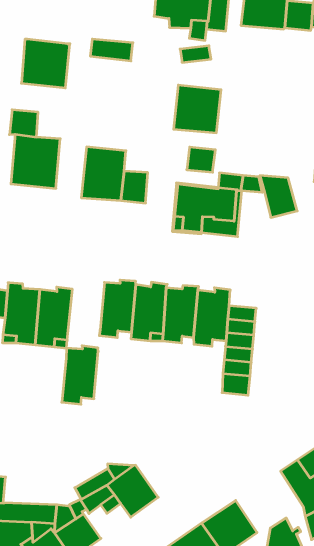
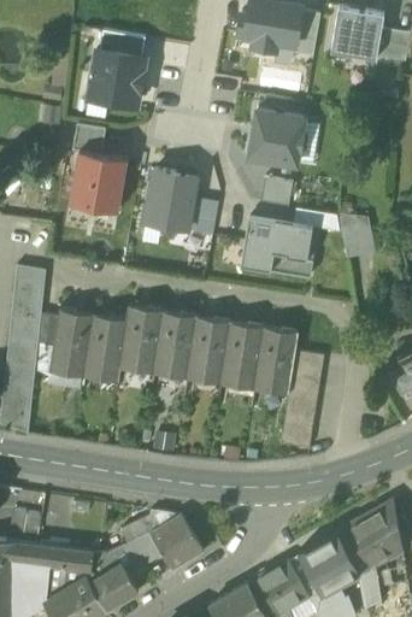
building: [90,39,133,61] -> [98,30,145,57]
building: [62,346,98,404] -> [118,308,161,371]
building: none -> [298,533,358,593]

